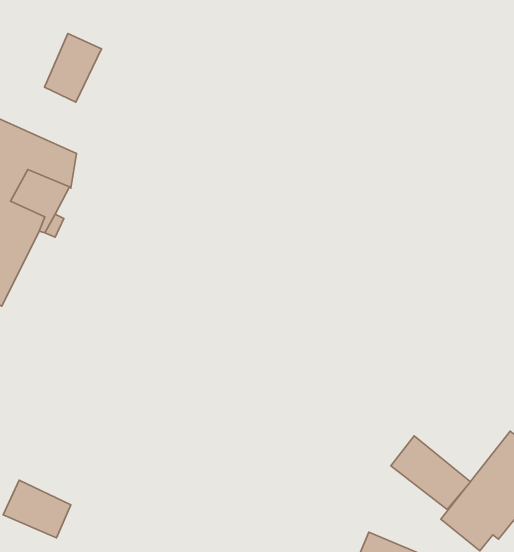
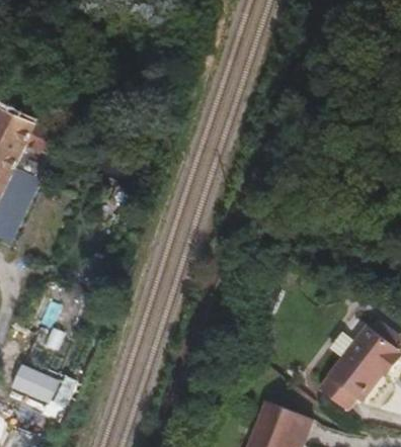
building: [44,34,101,102] -> none
building: [391,436,470,510] -> none

